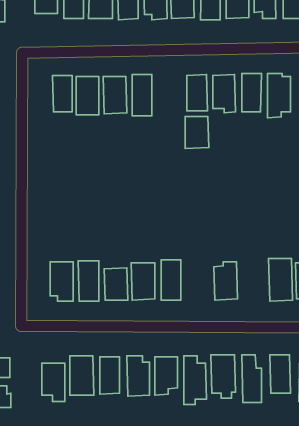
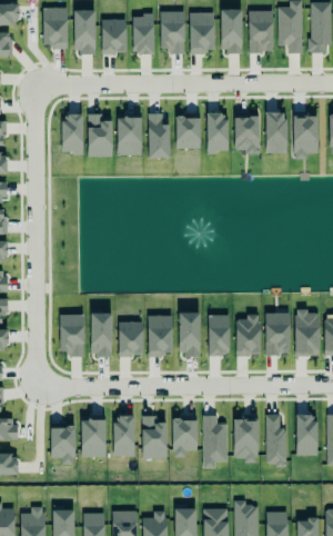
building: [185,117,209,149] -> [175,115,201,149]
building: none -> [265,311,289,355]
building: none -> [208,315,230,355]

